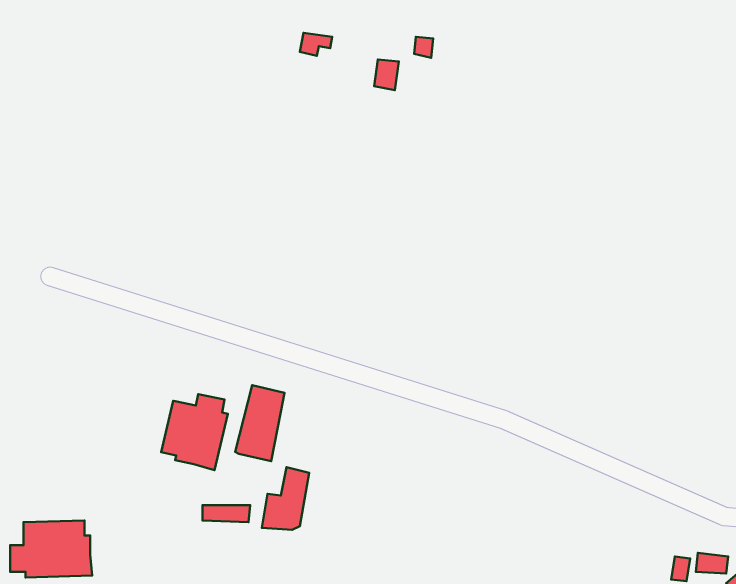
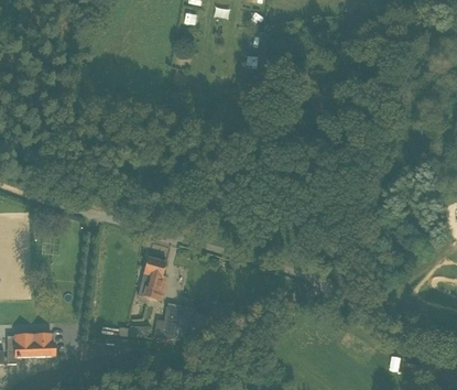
building: [161,394,228,470] -> none

